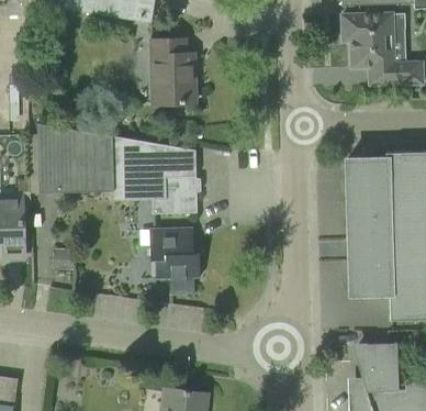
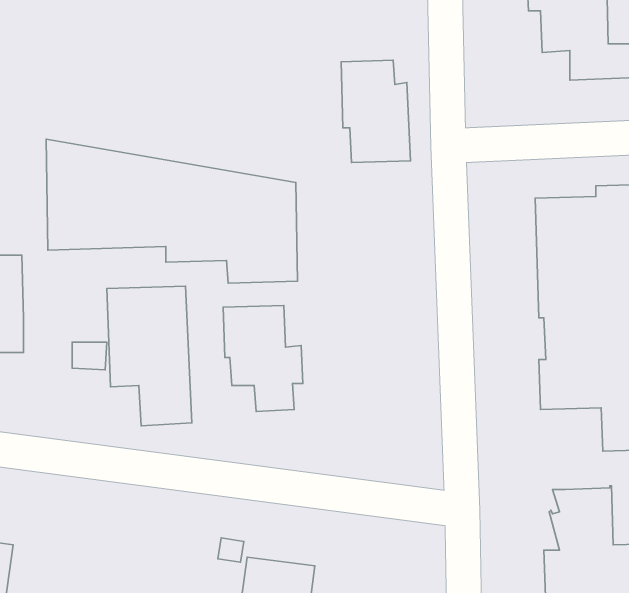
building: [152,40,195,104] -> [341,60,410,162]
building: none -> [107,286,192,426]

